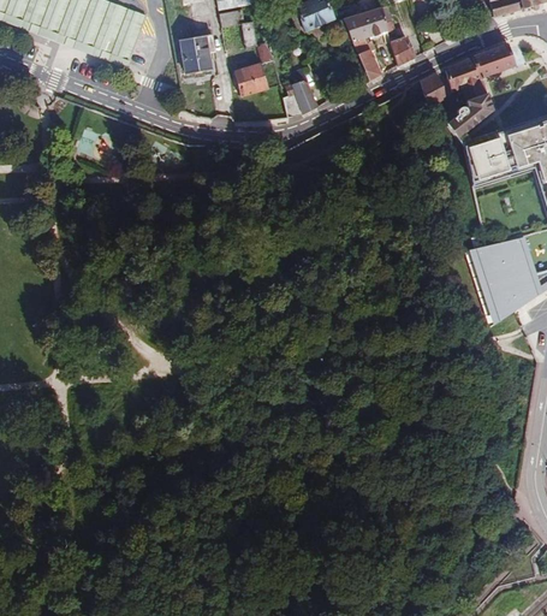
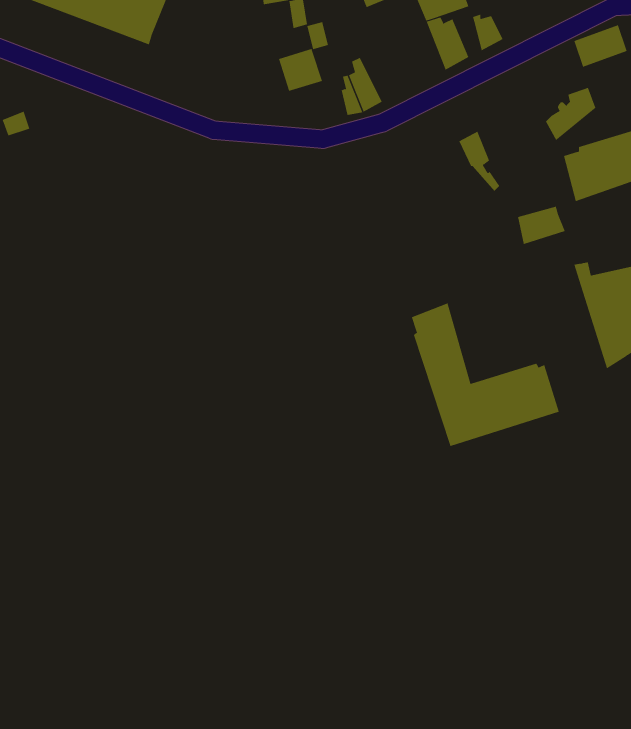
building: [179,34,215,73] -> none
building: [444,57,483,100] -> none
building: [420,72,453,122] -> [458,131,500,192]
building: none -> [517,206,565,245]
building: none -> [411,303,559,447]

